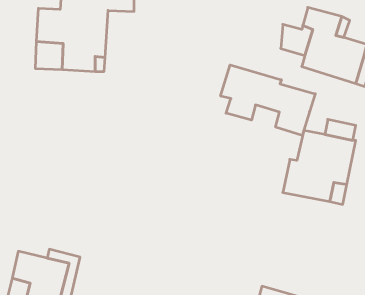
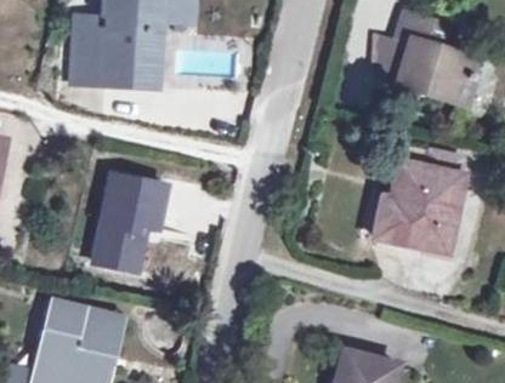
building: [221,65,315,136] -> none
building: none -> [93,175,165,271]

